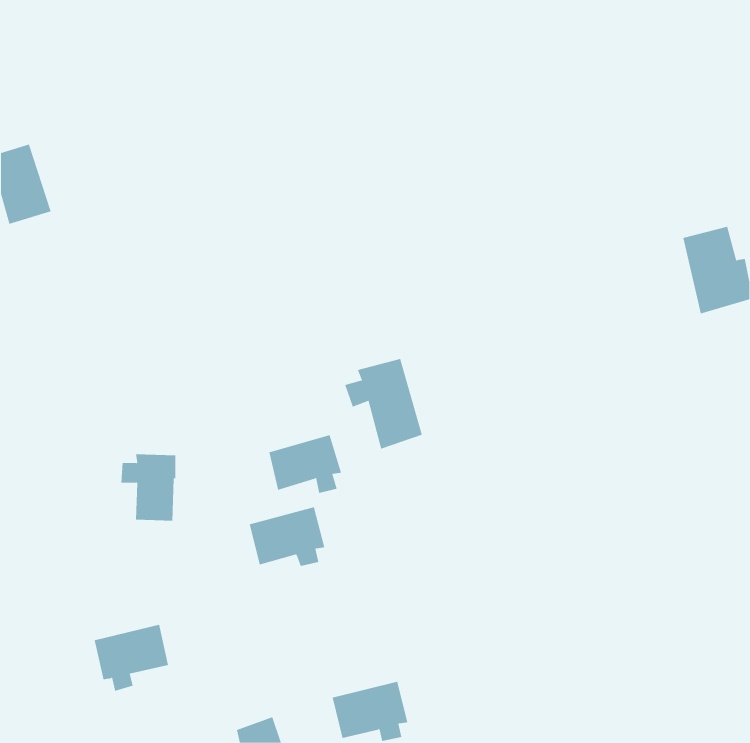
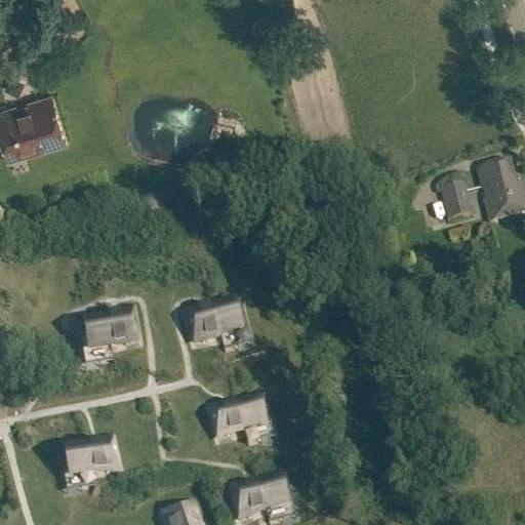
building: none -> [21,92,65,148]
building: none -> [441,180,473,217]
building: [345,358,422,450] -> none
building: [249,506,325,567] -> [210,396,264,438]

